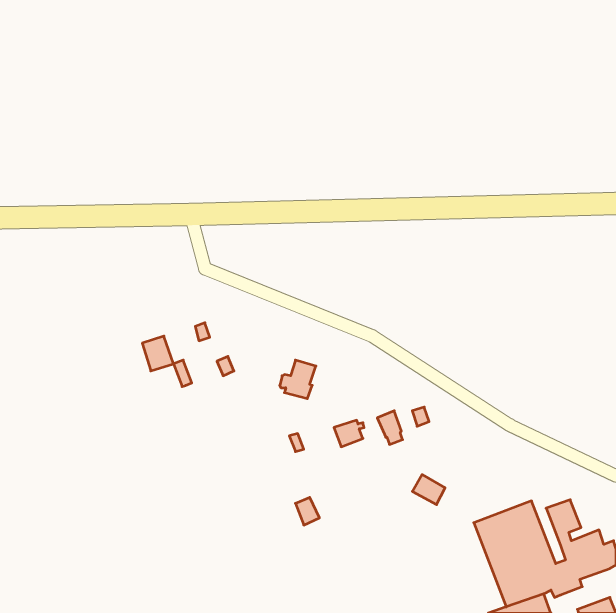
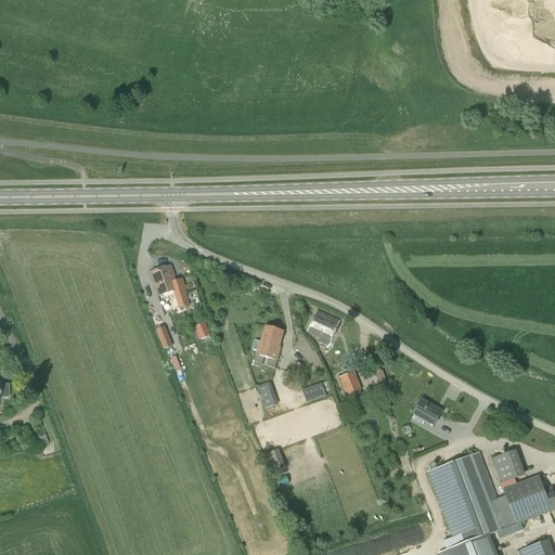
building: [142,336,174,371] -> [151,263,179,295]
building: none -> [307,309,339,345]
building: [412,475,445,505] -> [413,398,442,425]

